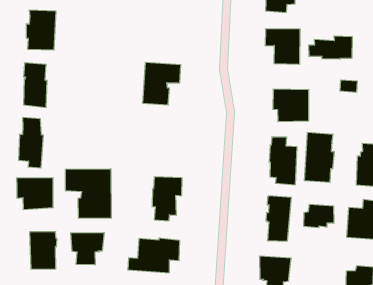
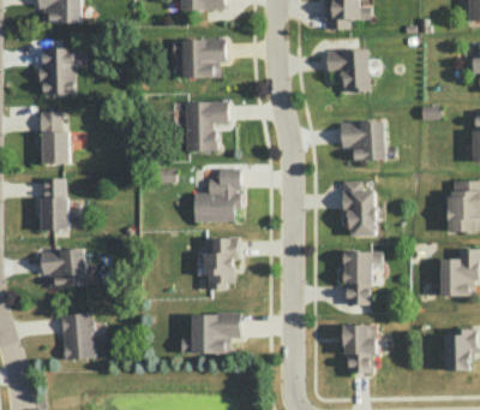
building: none -> [181,38,226,77]
building: [309,36,352,59] -> none
building: none -> [193,168,241,221]
building: [304,132,334,182] -> none
building: [65,169,111,218] -> none
building: [304,204,334,228] -> none
building: [71,232,104,265] -> none

